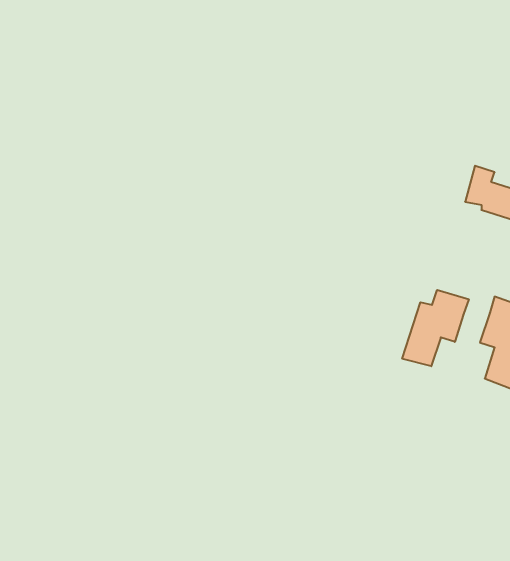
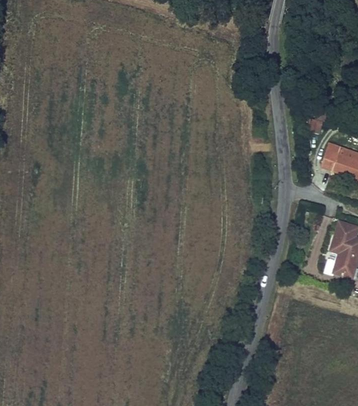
building: [402,290,469,366] -> none

